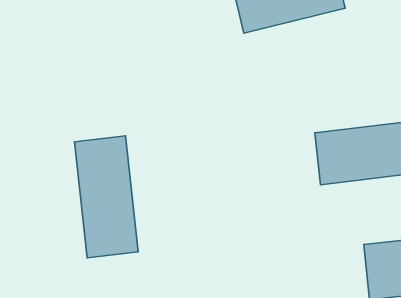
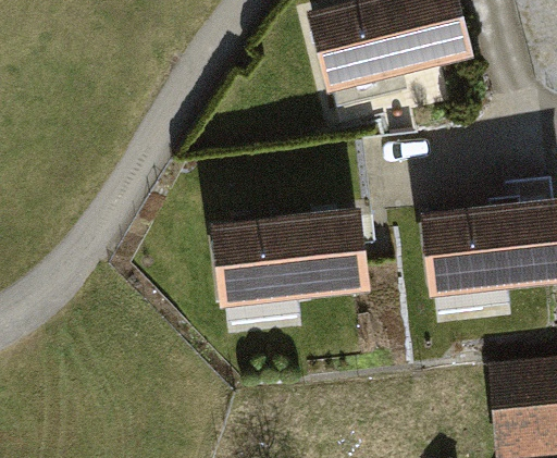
building: none -> [219,214,367,299]
building: [74,136,138,258] -> none

